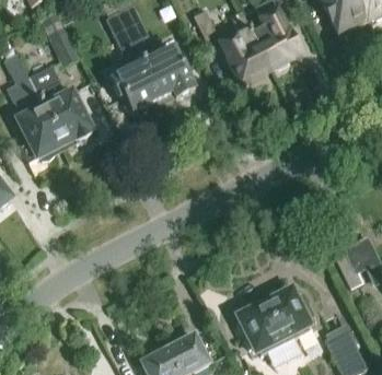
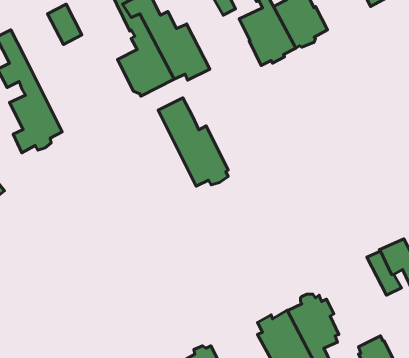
building: [28,65,91,143] -> [158,98,228,186]

